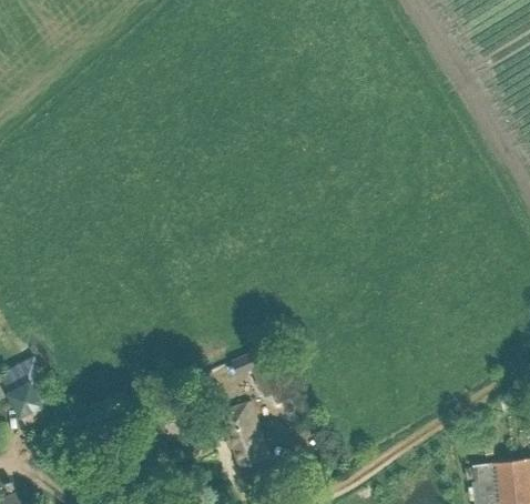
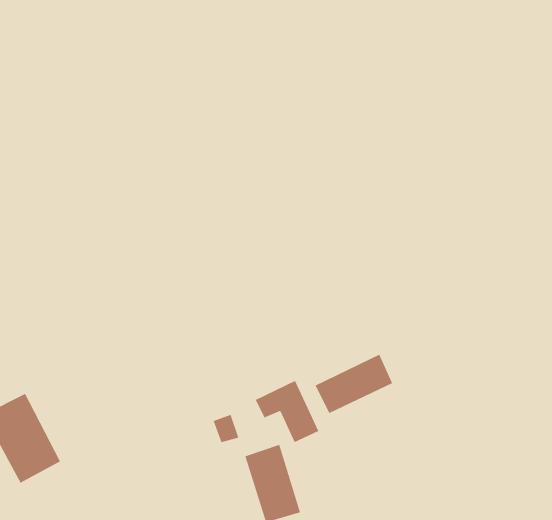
building: none -> [315,354,393,414]

